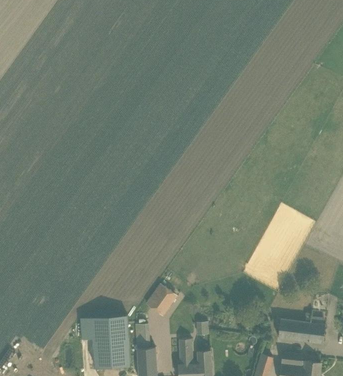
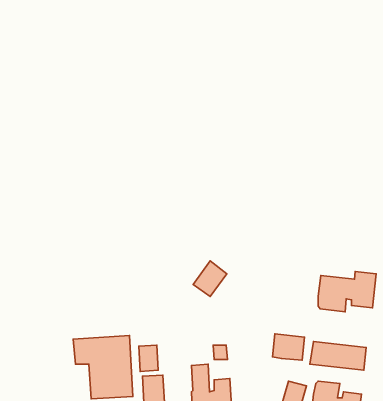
building: none -> [318,272,376,312]
building: [146,284,174,314] -> [193,261,227,297]
building: none -> [272,334,305,360]

